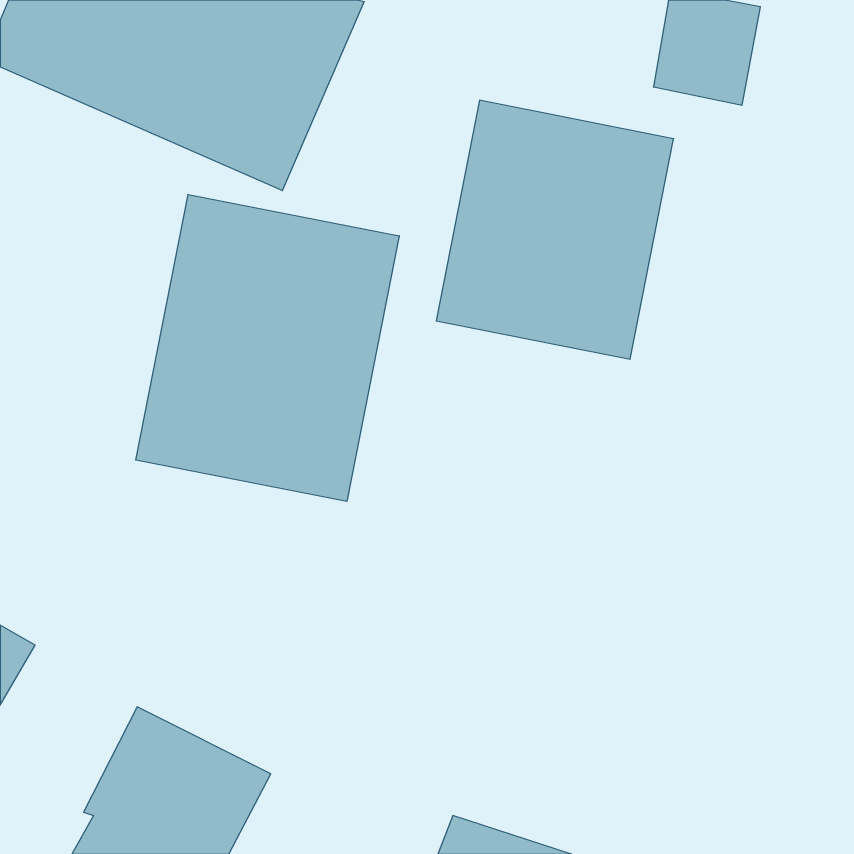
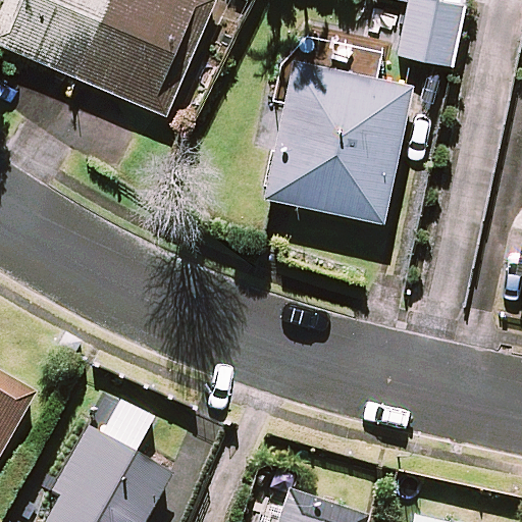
building: [136,194,399,501] -> none

